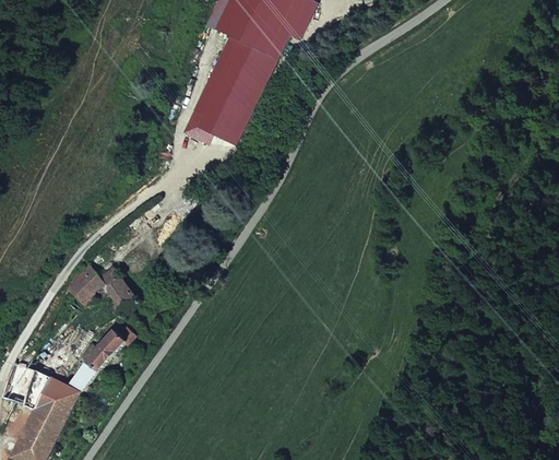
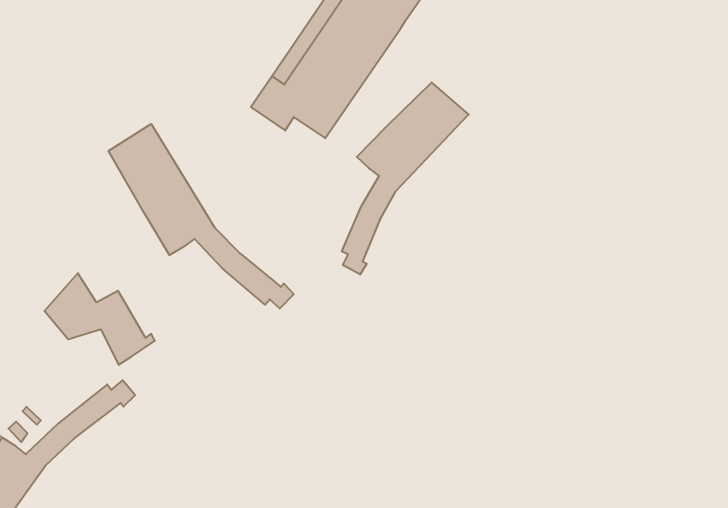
building: none -> [342,82,469,275]
building: none -> [109,124,294,309]

